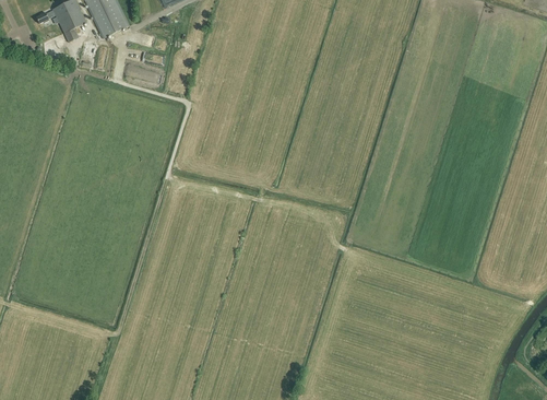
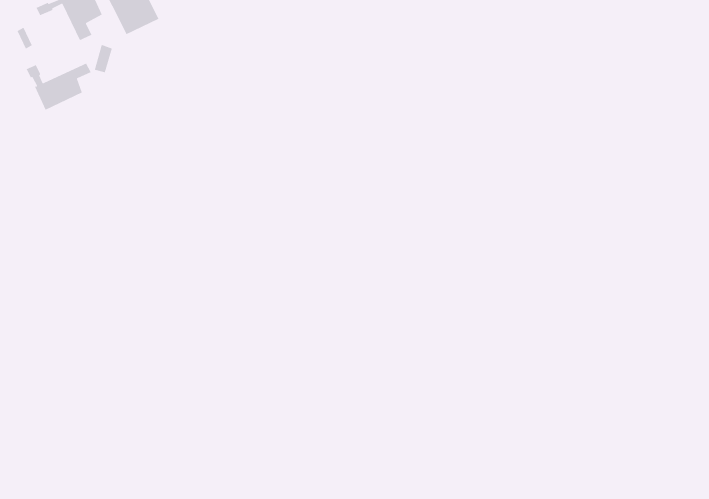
building: none -> [25,62,92,111]

